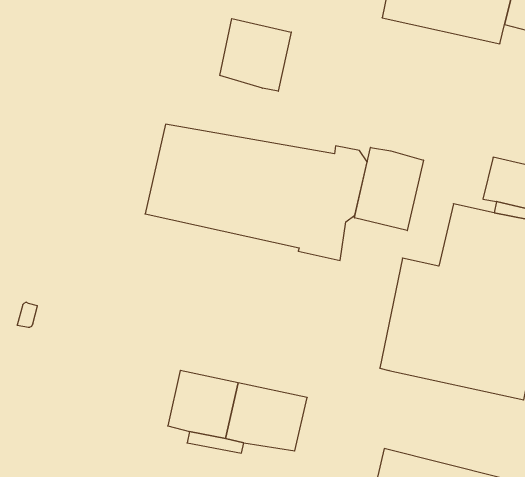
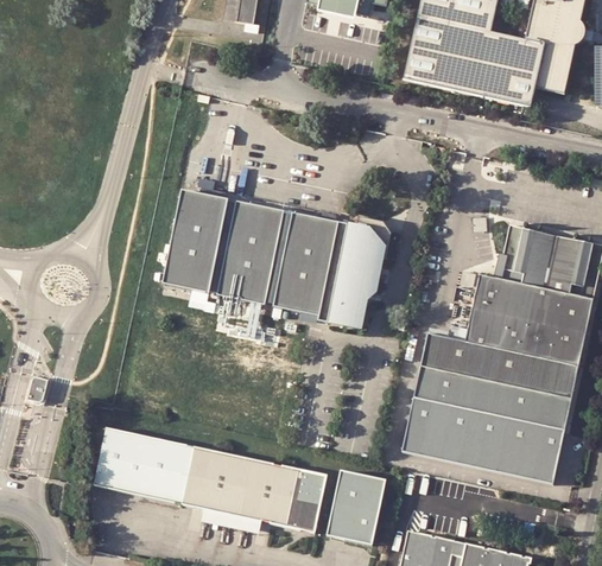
building: [220,19,291,91] -> none
building: [355,147,423,231] -> none
building: none -> [93,428,195,505]
building: none -> [327,466,386,545]

